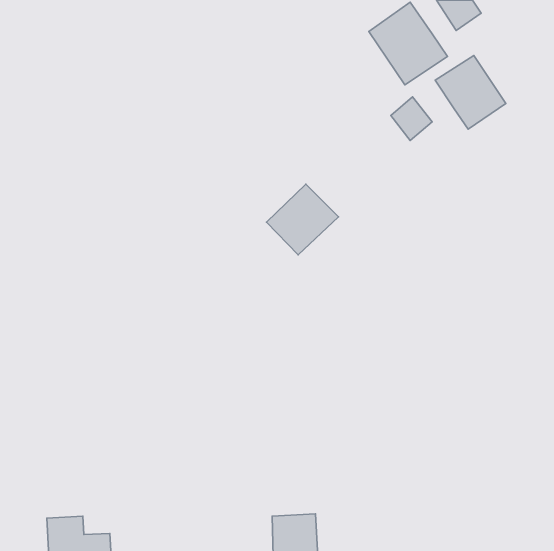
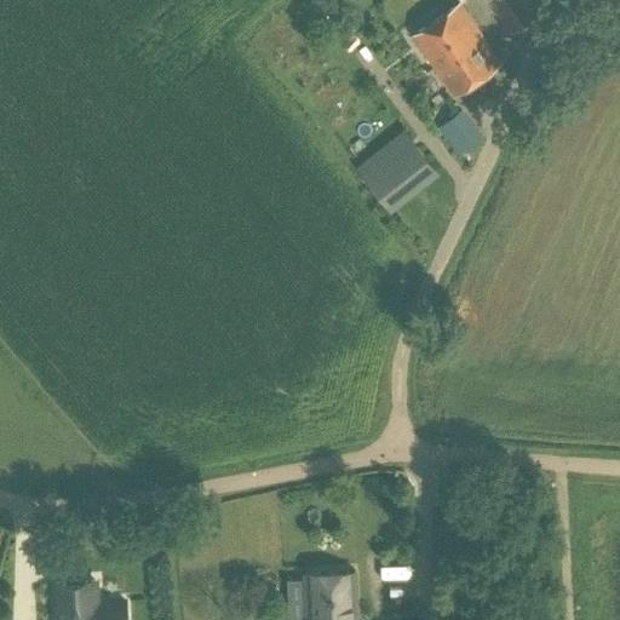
building: [435,56,506,129] -> none
building: [267,184,338,255] -> [361,128,441,207]

